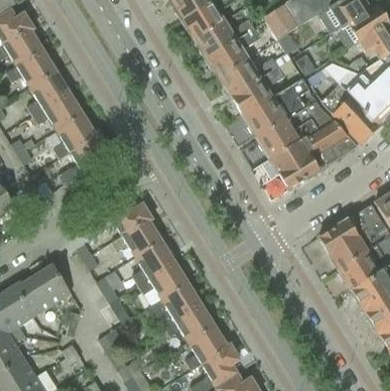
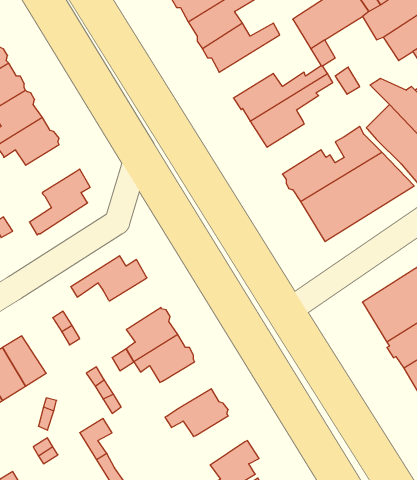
building: [207,28,260,78] -> none
building: [244,78,309,137] -> none
building: [52,114,95,157] -> none
building: [105,220,161,258] -> none
building: [149,283,201,327] -> none
building: [184,325,227,370] -> none

